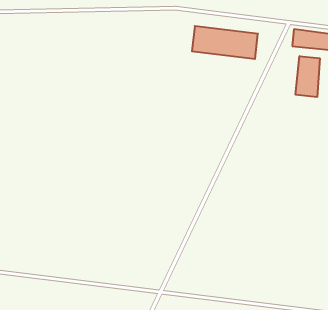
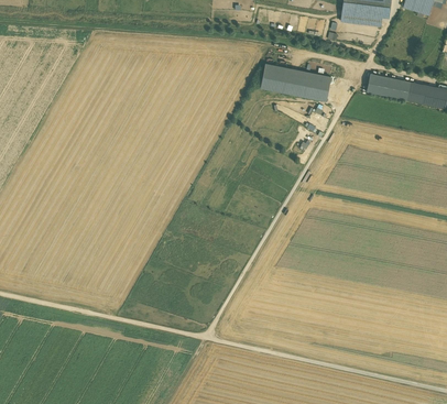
building: [296,56,320,97] -> none

